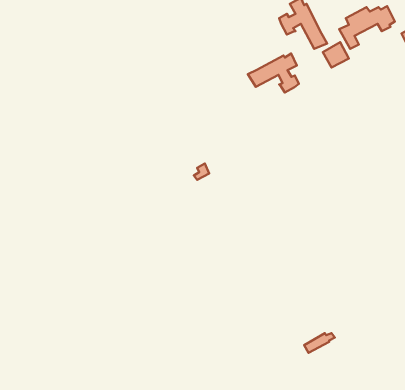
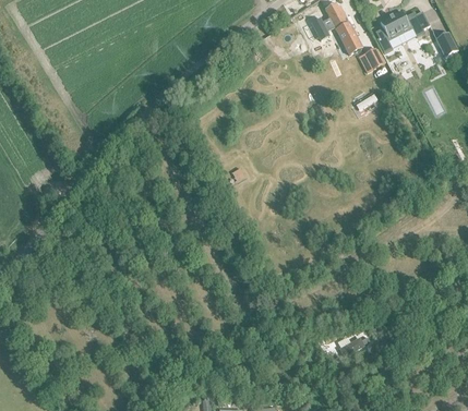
building: [248,53,299,92] -> none

